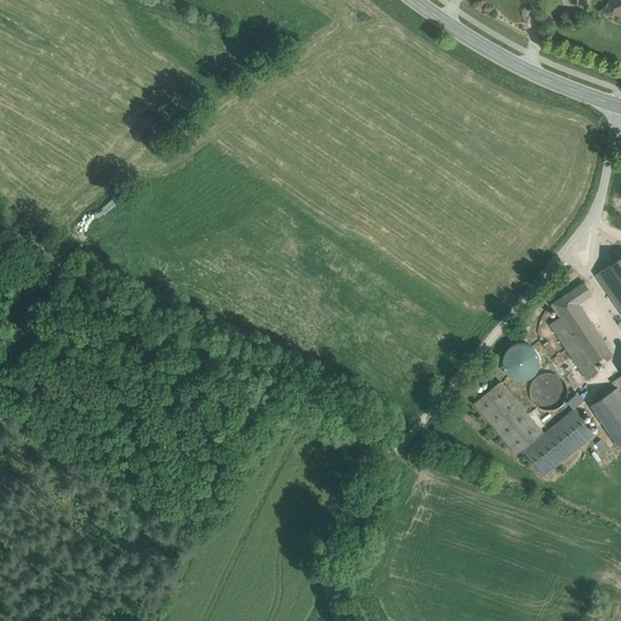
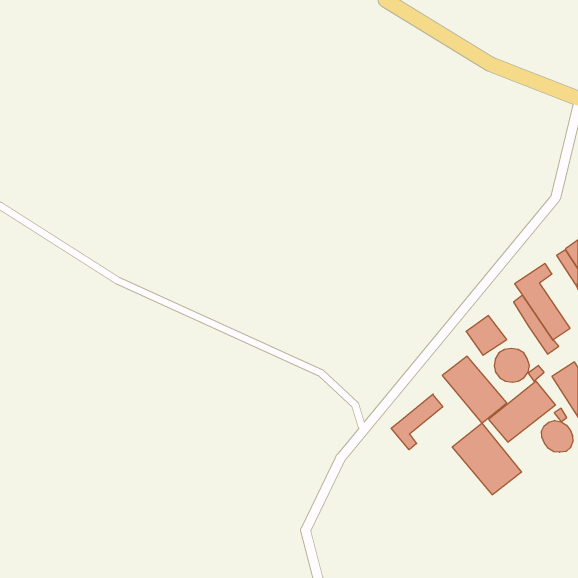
building: none -> [391,394,443,450]
building: none -> [542,420,573,452]
building: none -> [452,423,522,495]

